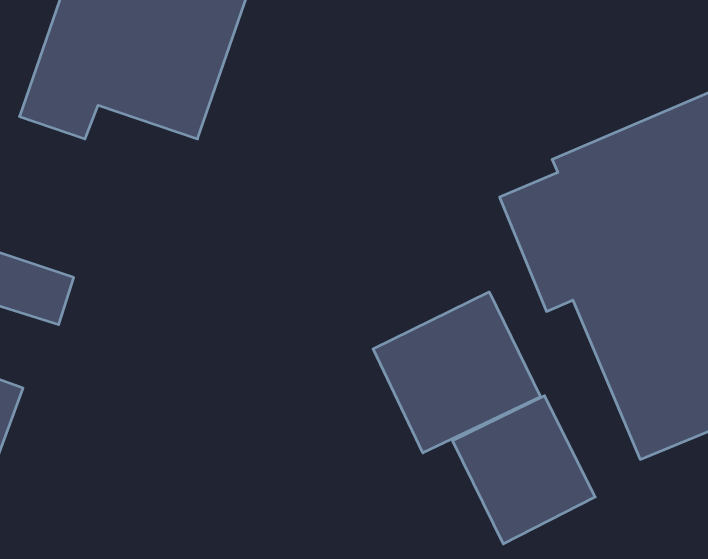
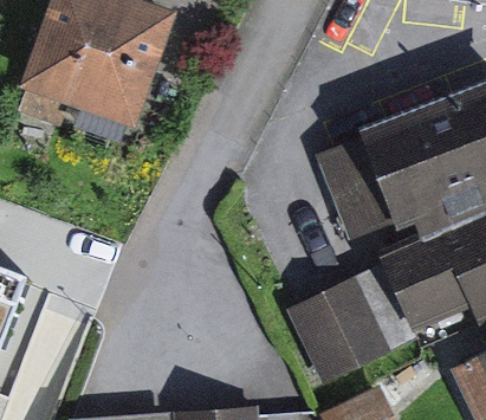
building: [373,292,541,453] -> none

